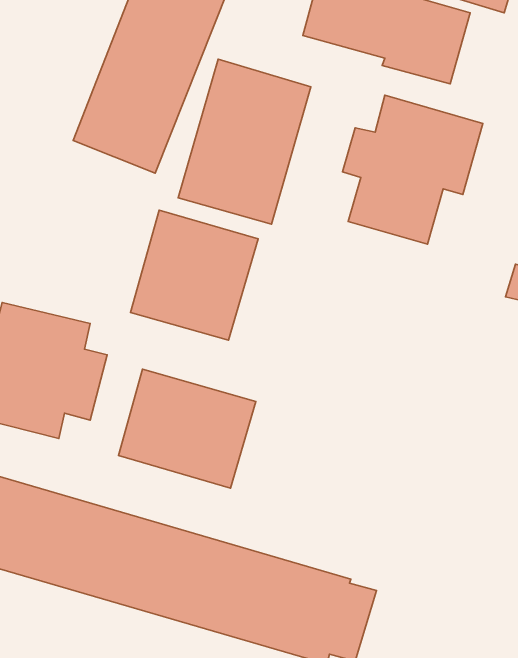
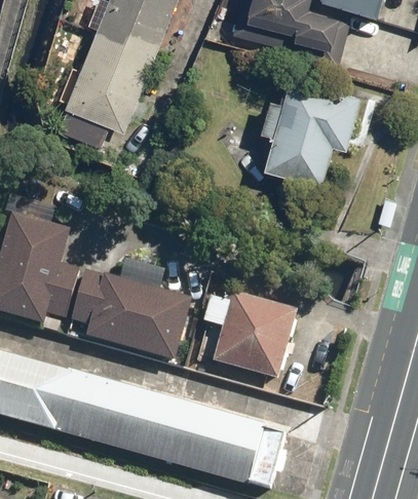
building: [178,59,311,224] -> none
building: [130,210,258,340] -> none
building: none -> [204,291,297,377]

